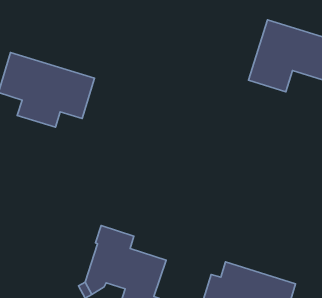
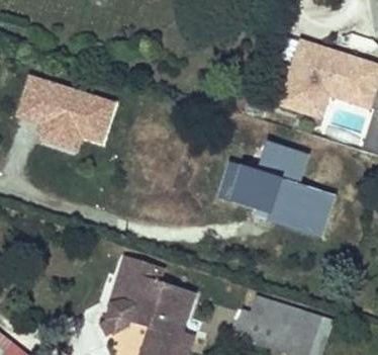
building: none -> [219,139,336,236]

